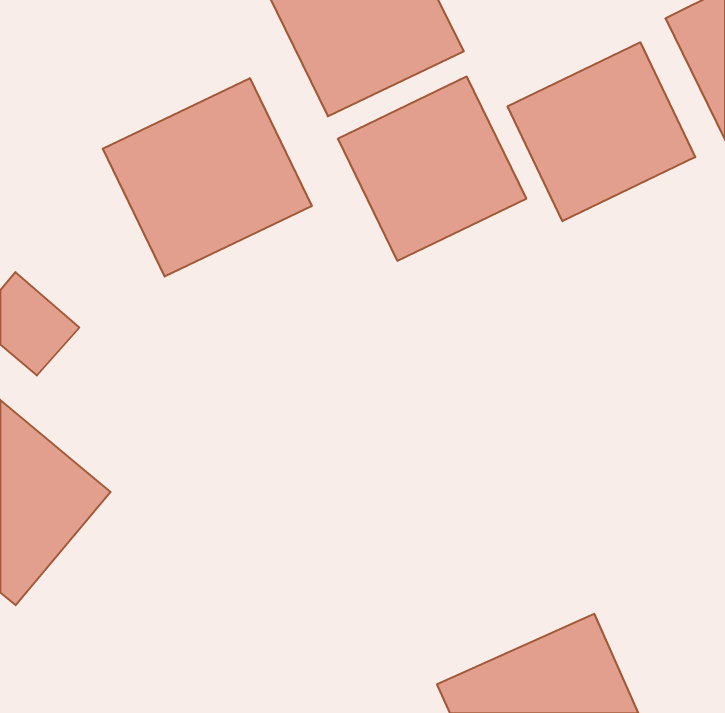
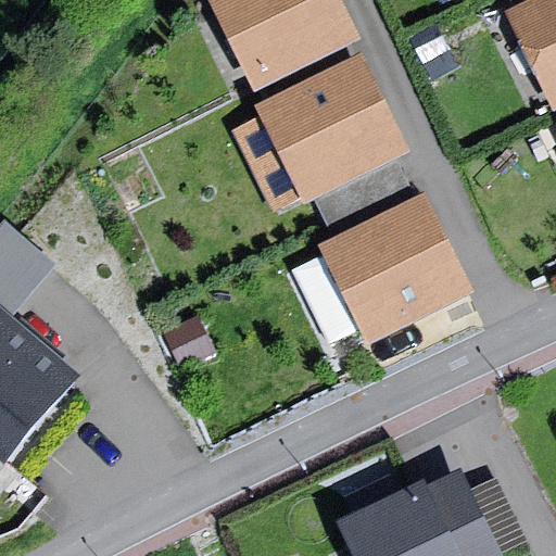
building: [508,42,695,221] -> none
building: [103,78,312,277] -> none
building: none -> [321,200,468,342]

